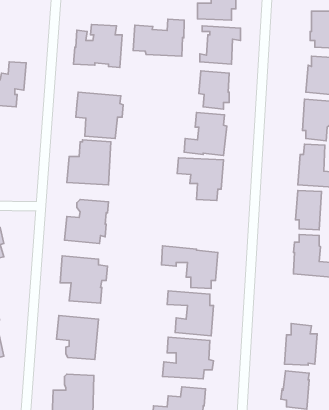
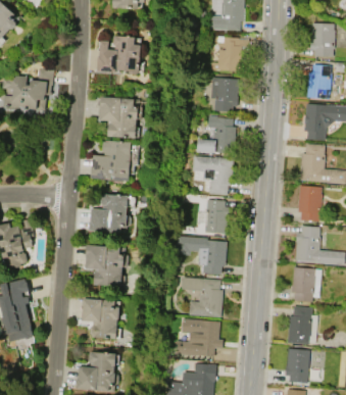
building: [133,19,184,56] -> none
building: none -> [204,199,229,234]
building: none -> [291,267,320,301]

